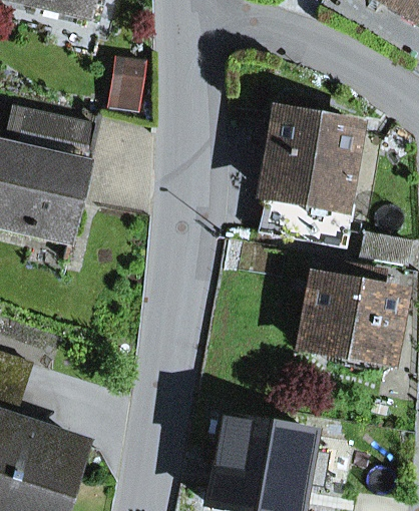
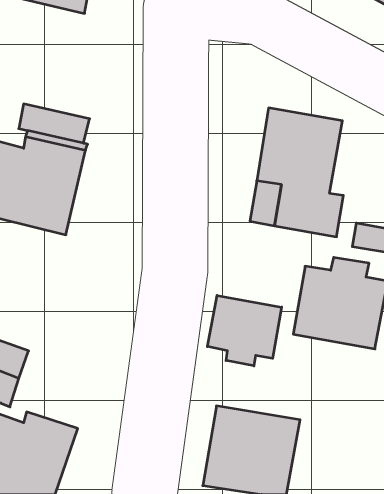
building: none -> [207,295,282,366]

